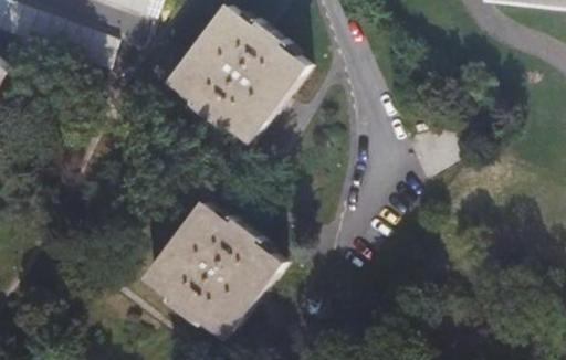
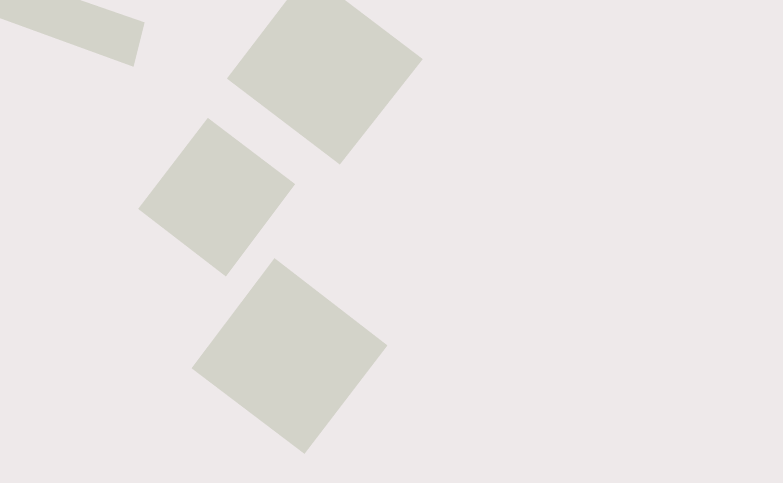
building: none -> [137,117,296,278]

